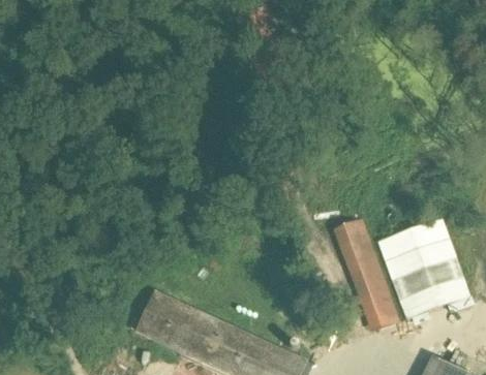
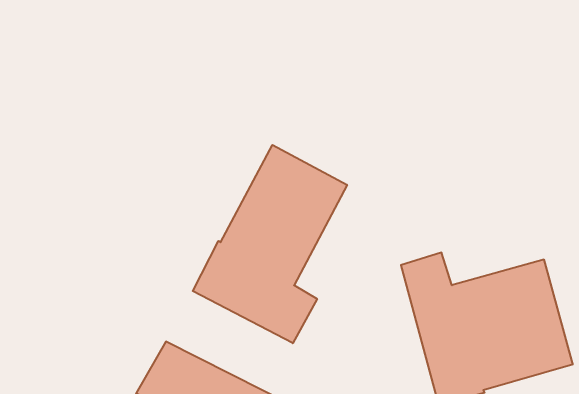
building: none -> [193,145,347,343]

